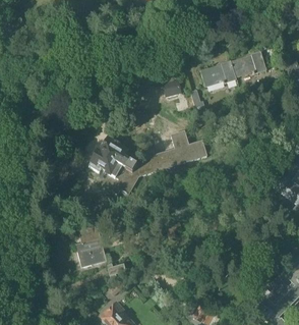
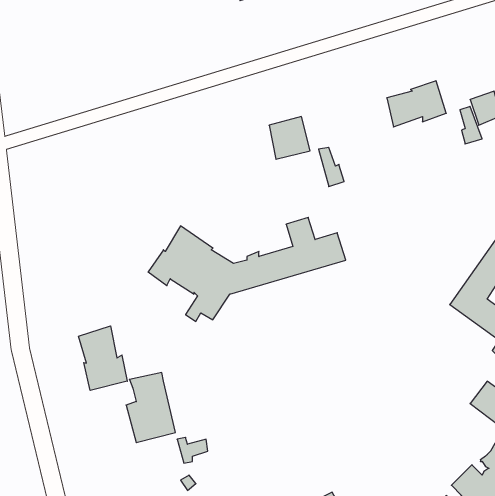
building: [201,59,238,87] -> none
building: none -> [78,326,127,390]

